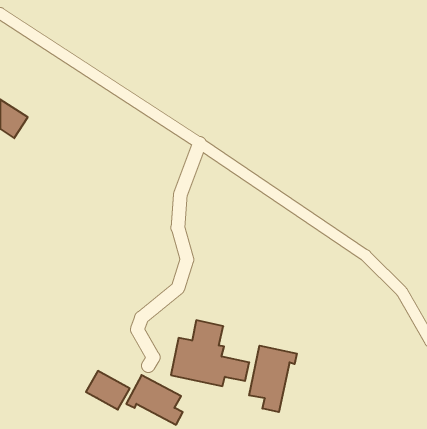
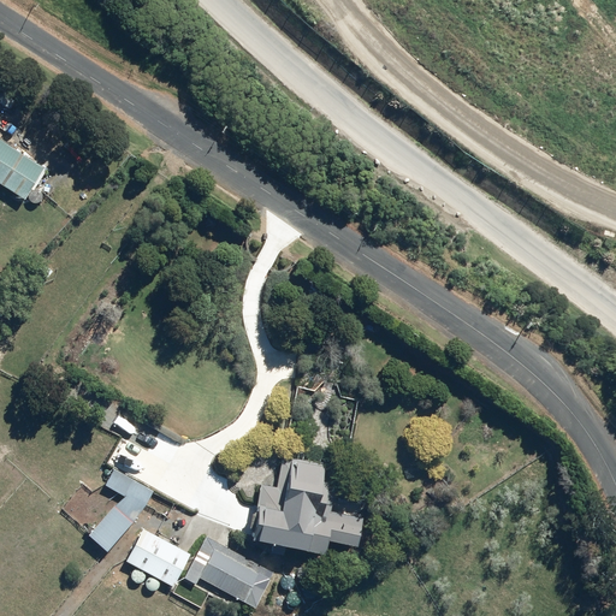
building: none -> [89,468,154,552]
building: [249,346,297,412] -> none

